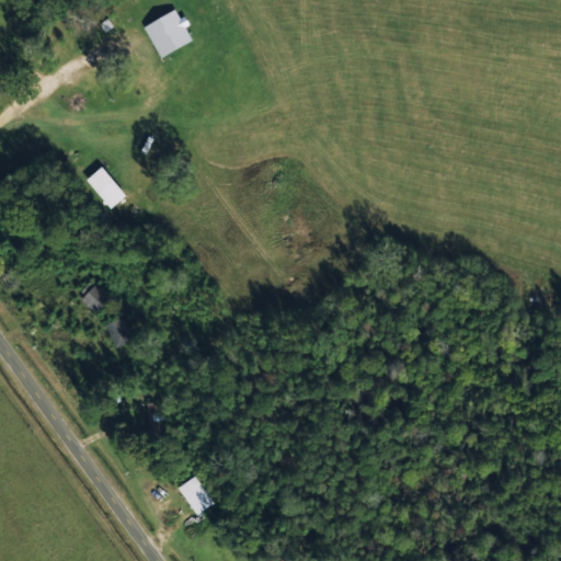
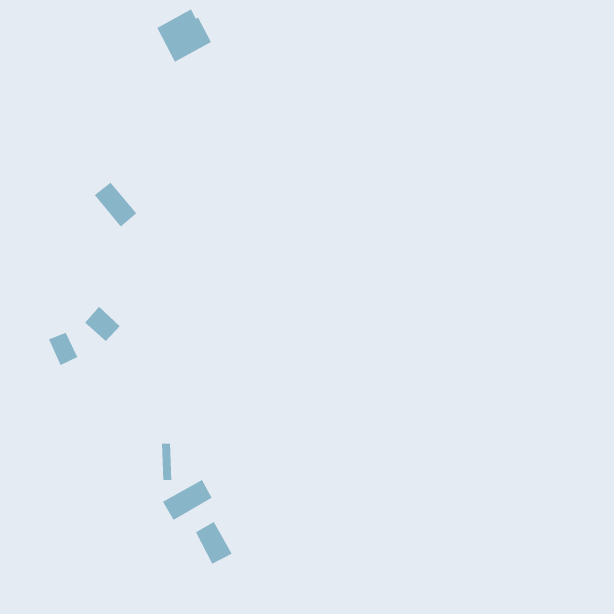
building: [105,317,133,347] -> [48,332,78,366]
building: none -> [162,479,212,521]

